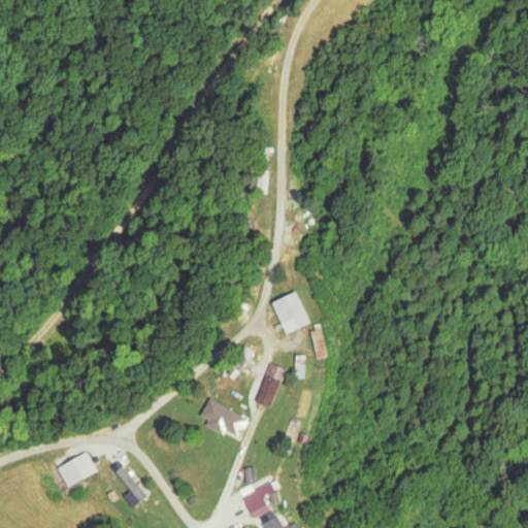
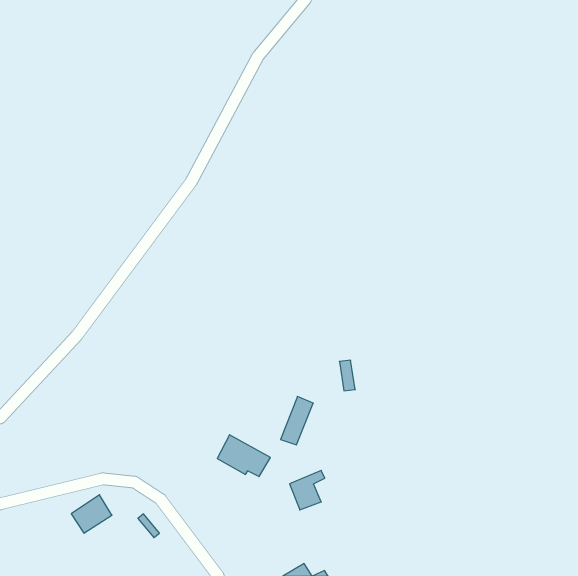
building: [270,290,307,332] -> none
building: [242,483,274,519] -> [290,470,325,510]

